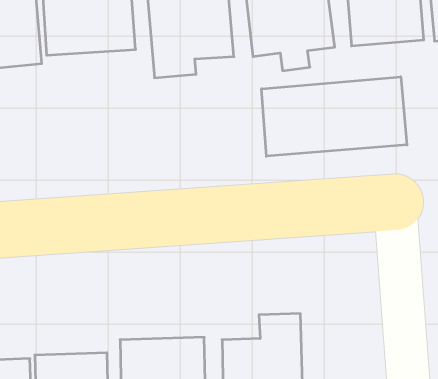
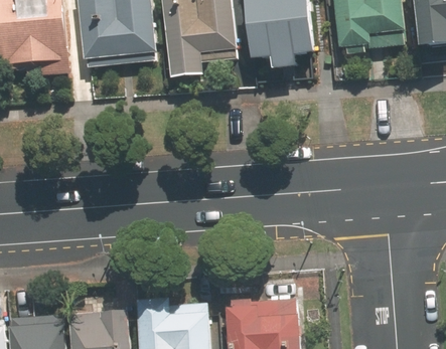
building: [262,77,407,156] -> none

